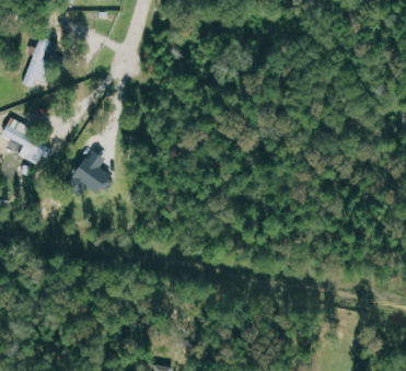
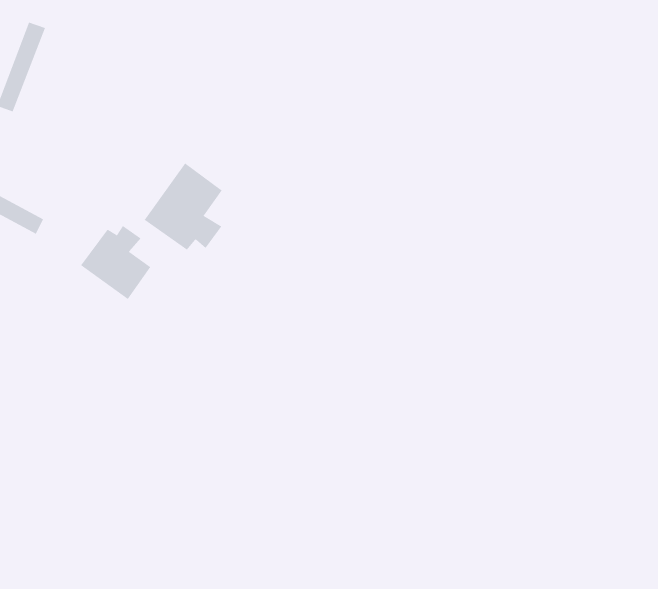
building: none -> [144,163,222,250]

